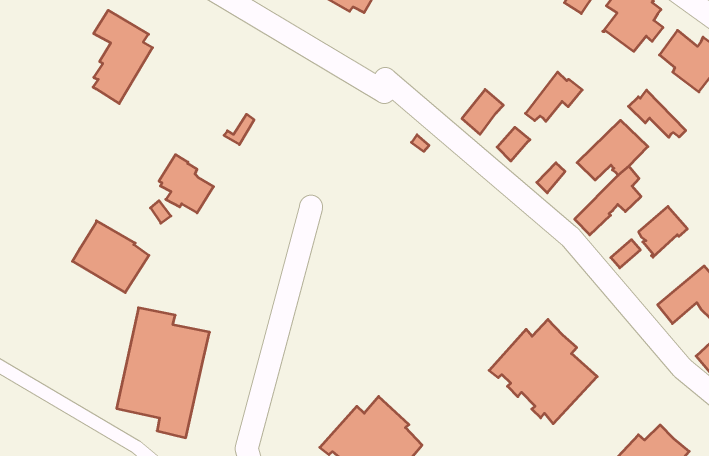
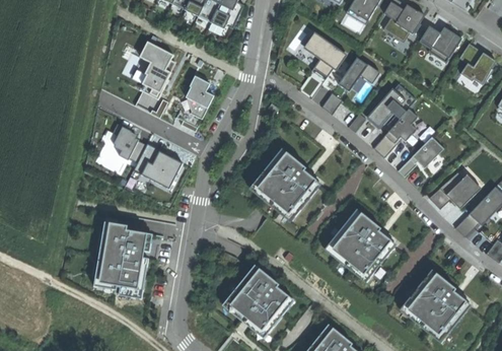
building: [93,10,153,104] -> [139,40,176,97]
building: none -> [307,34,344,73]
building: none -> [185,75,213,118]
building: [628,90,686,137] -> none
building: none -> [252,152,319,216]
building: [72,221,149,293] -> [133,143,181,187]

